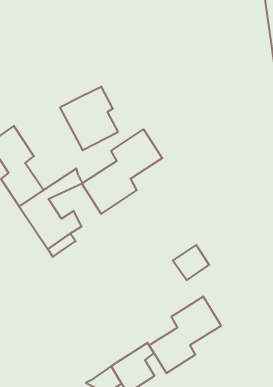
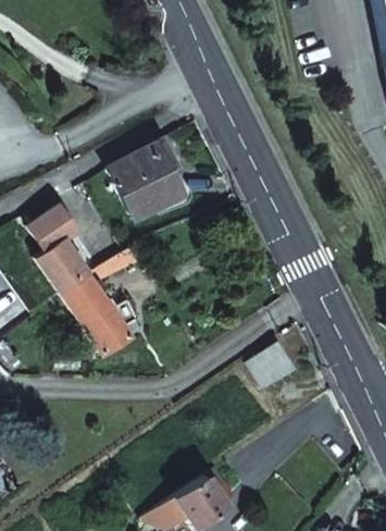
building: [82,129,162,214] -> none
building: [149,296,221,373] -> none

